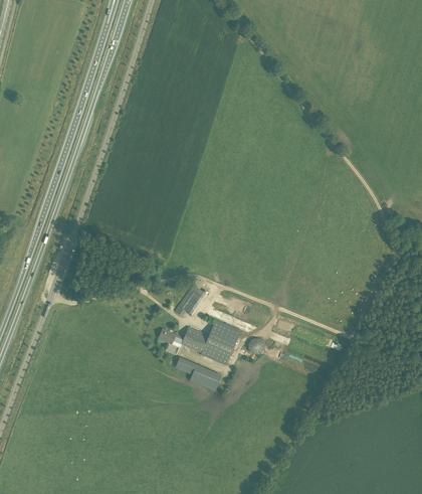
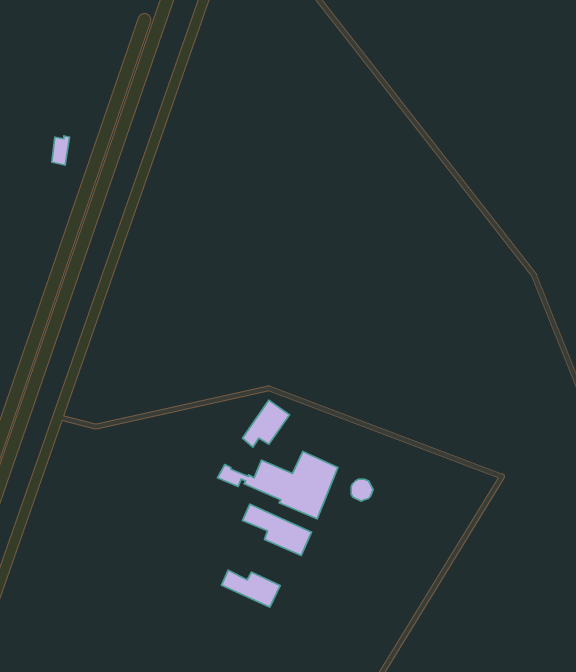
building: none -> [221,570,280,607]

